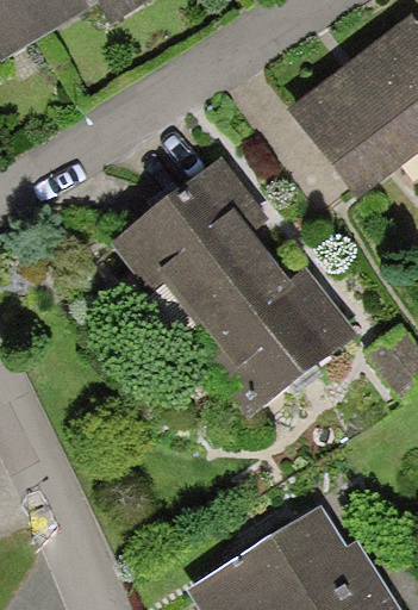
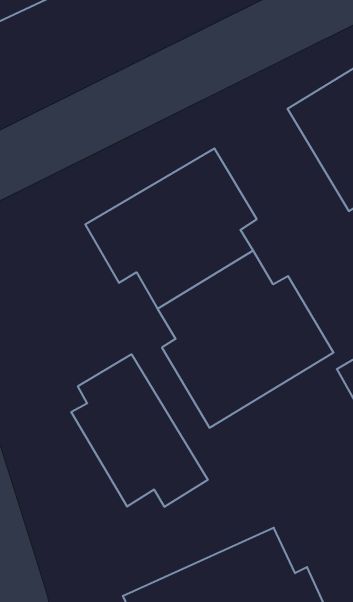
building: none -> [71,354,208,507]

